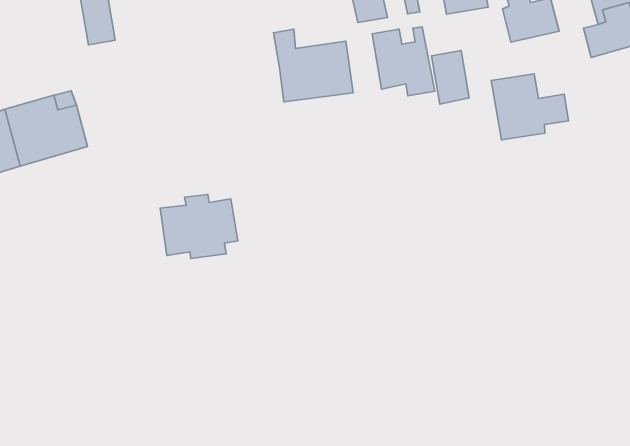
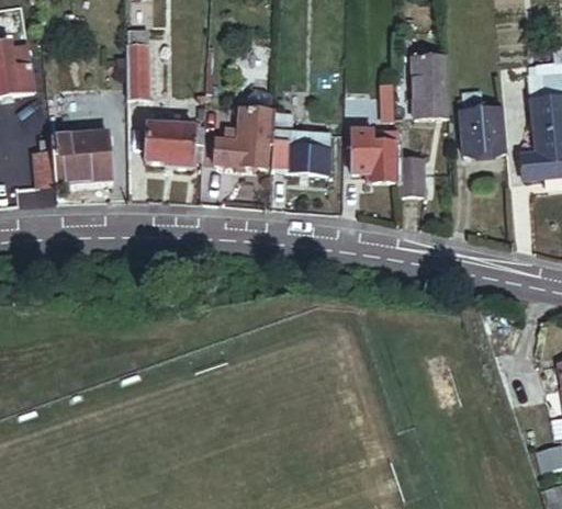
building: none -> [215,90,276,167]
building: [491,74,569,140] -> none
building: [160,194,238,258] -> [147,116,205,167]

